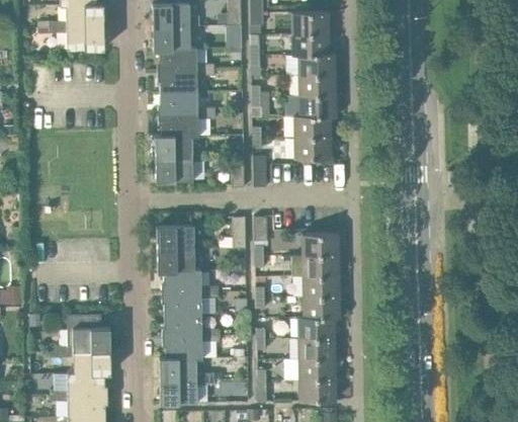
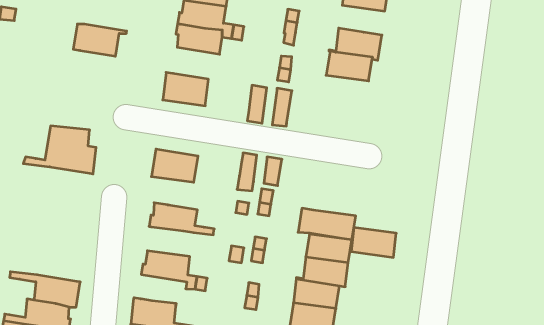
building: [297,74,336,95] -> none
building: [155,135,198,158] -> [73,24,127,56]
building: [293,137,331,159] -> none
building: [300,234,339,256] -> [351,227,396,257]
building: [157,249,201,272] -> none
building: [162,291,219,315] -> none
building: [49,314,110,352] -> [23,126,96,174]
building: [162,336,202,357] -> none

